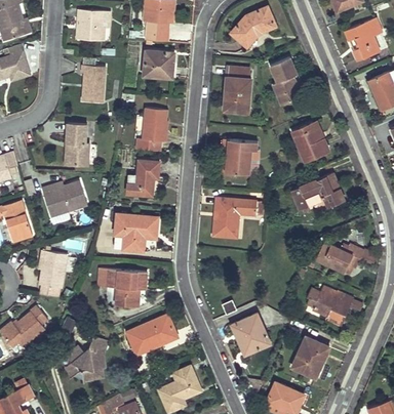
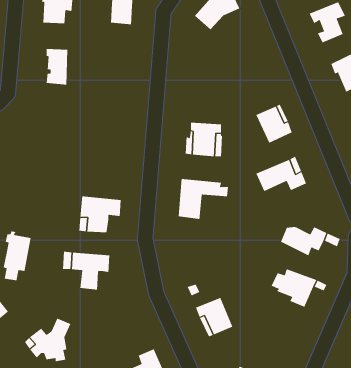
building: [143,50,173,79] -> none
building: [270,57,302,105] -> none
building: [223,67,250,109] -> none
building: [139,108,166,152] -> none
building: [65,124,95,165] -> none
building: [126,160,159,196] -> none
building: [42,181,87,217] -> none
building: [126,314,175,355] -> none
building: [291,337,329,377] -> none

